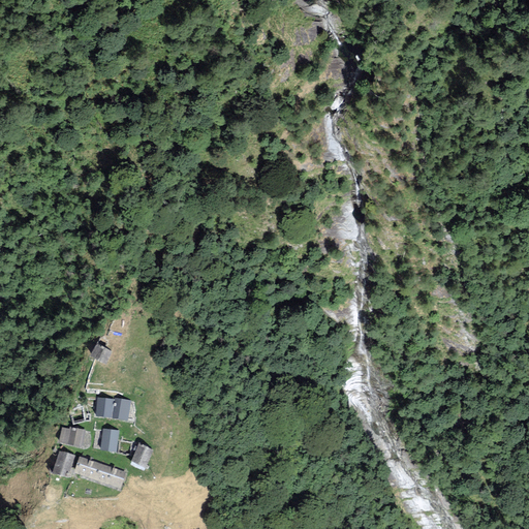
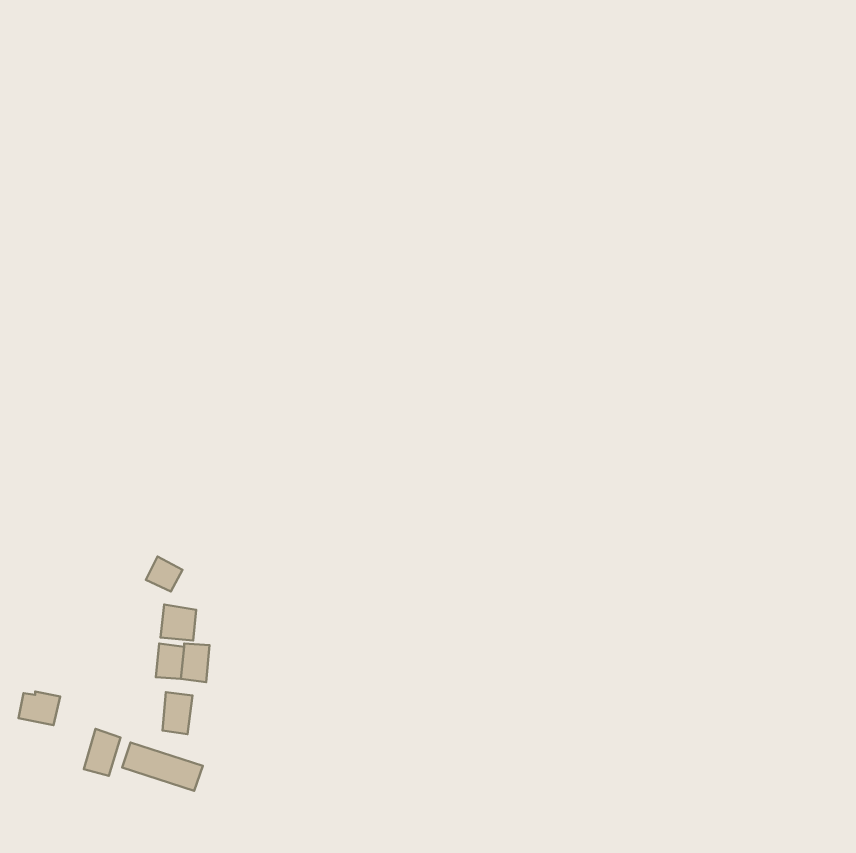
building: none -> [161,605,196,641]
building: [59,426,85,446] -> [18,692,60,725]
building: [129,442,153,471] -> none

